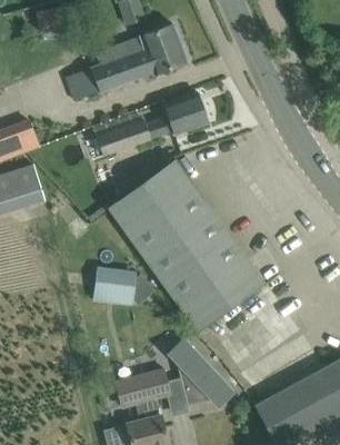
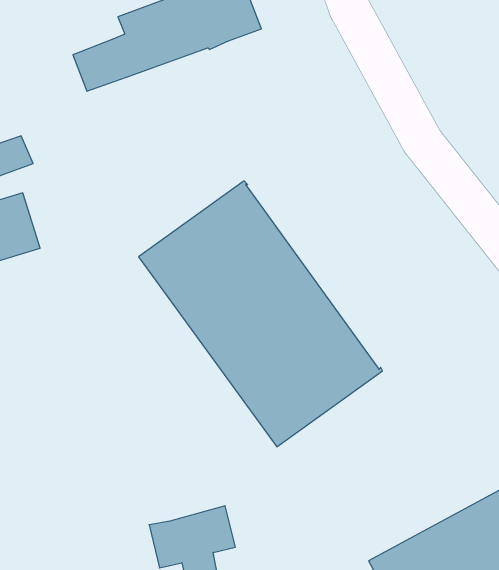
building: [96,92,209,156] -> none
building: [96,270,133,297] -> none
building: [169,339,232,405] -> none

